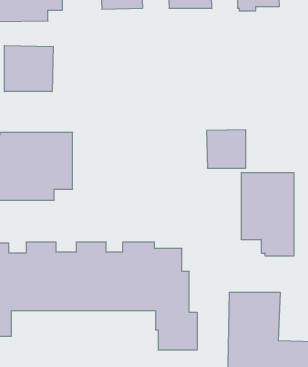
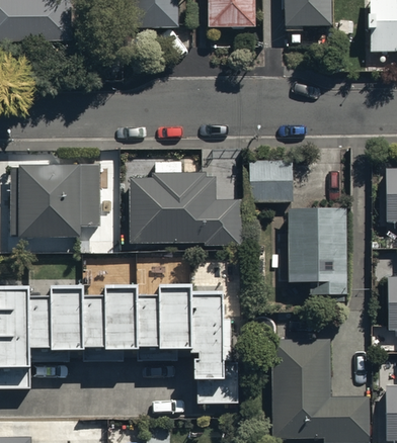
building: [4,45,53,92] -> none
building: none -> [130,161,241,248]

